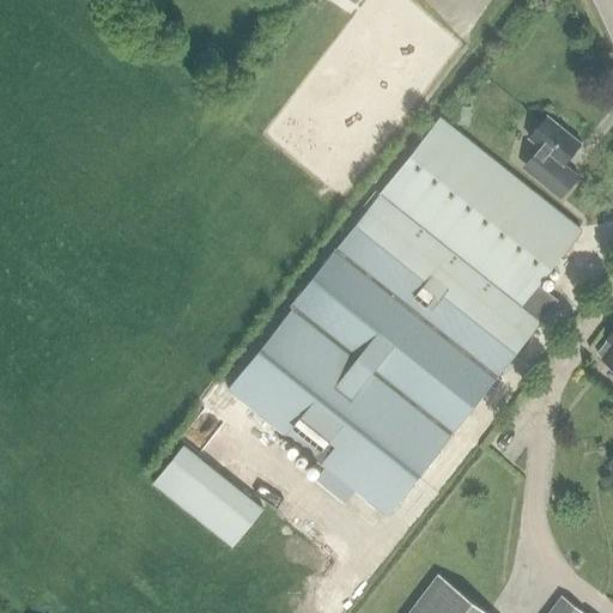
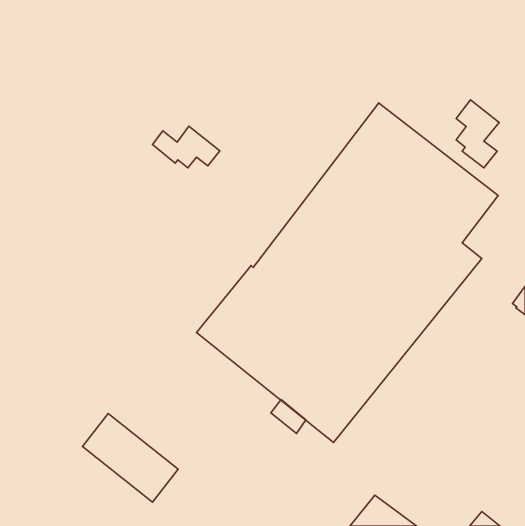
building: none -> [152,126,220,168]
building: [146,442,257,545] -> [83,414,178,502]

